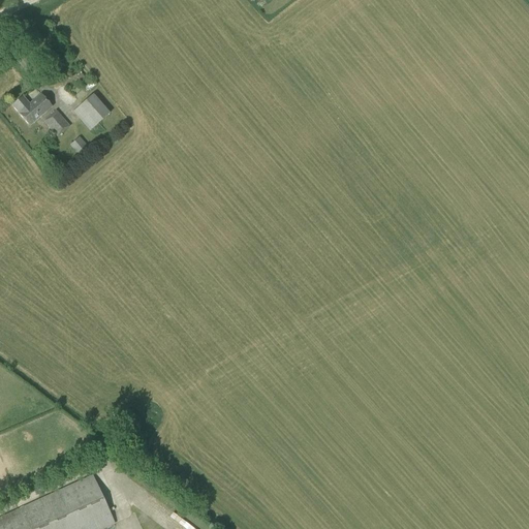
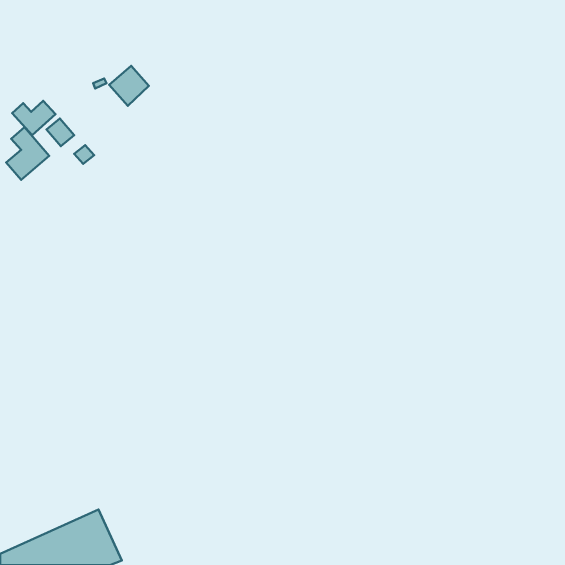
building: [73,94,111,131] -> [109,66,149,106]
building: none -> [6,127,49,180]

